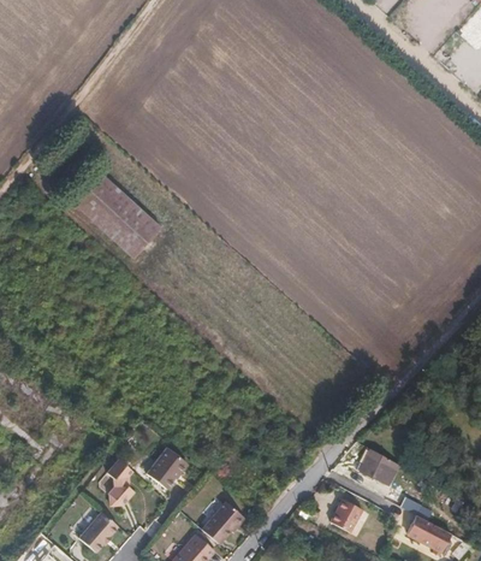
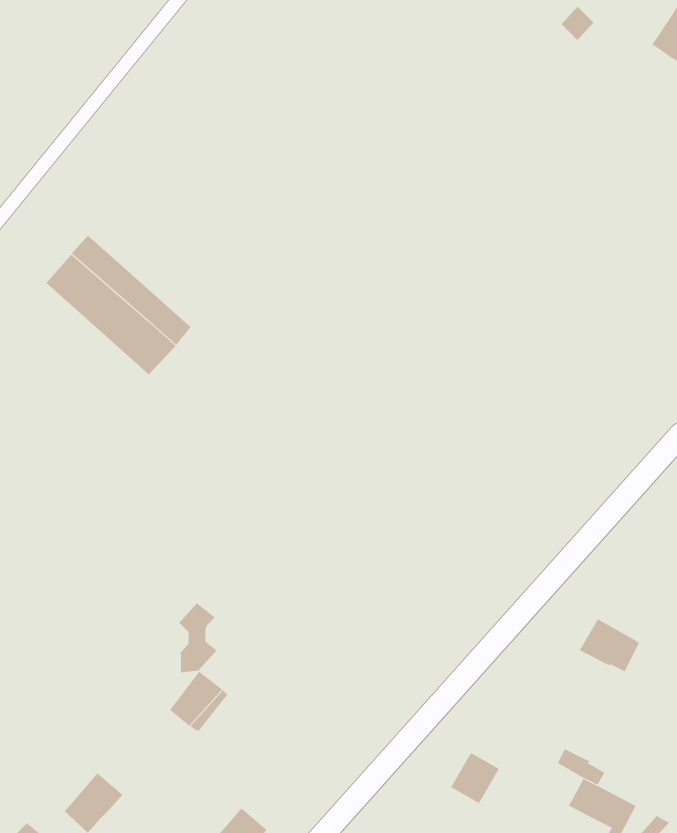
building: [358,449,398,484] -> [579,619,640,672]
building: [106,460,131,506] -> [178,603,217,673]
building: [201,502,243,544] -> none

